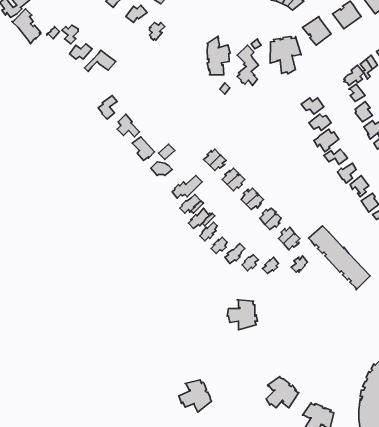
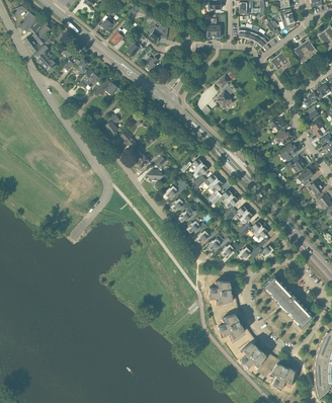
building: [207,36,230,75] -> none
building: [270,36,301,74] -> none
building: [309,226,370,290] -> [263,275,313,327]
building: [179,380,212,412] -> [218,314,244,340]

